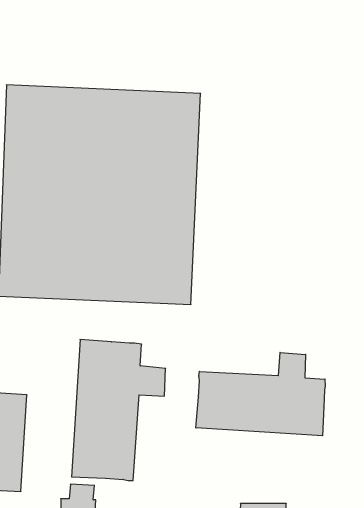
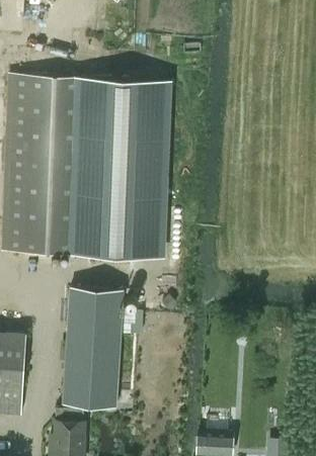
building: [196,352,325,436] -> none

